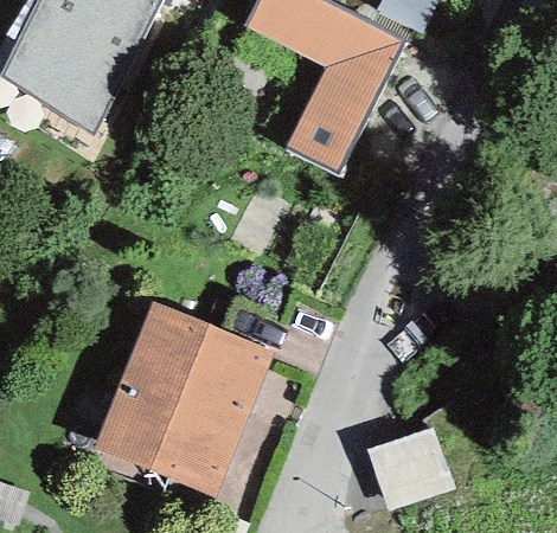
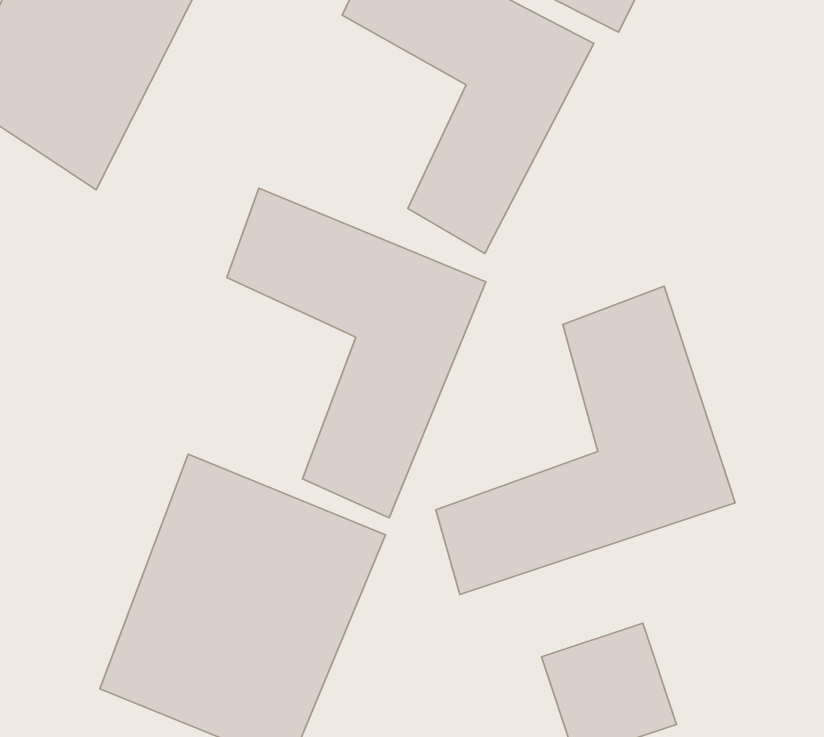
building: none -> [227,188,486,518]
building: none -> [436,286,735,594]

